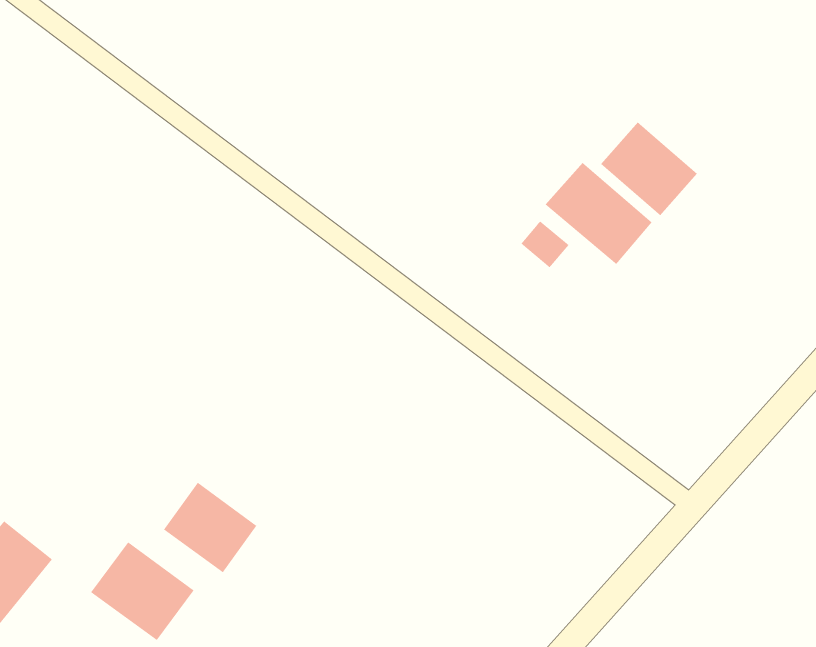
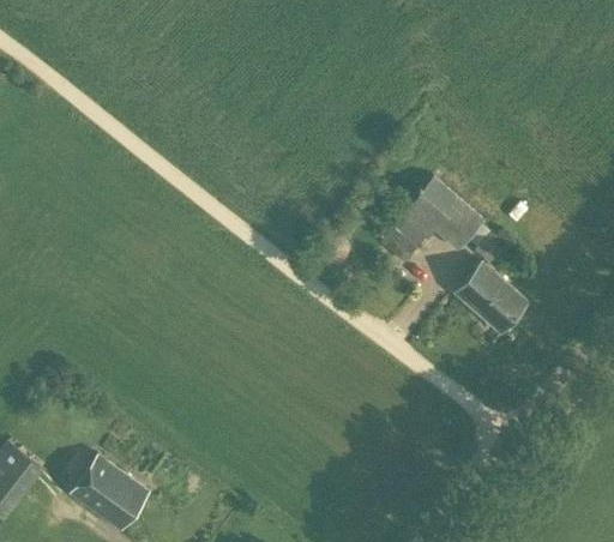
building: [600,122,698,216] -> [453,263,525,332]
building: [163,482,257,573] -> none

